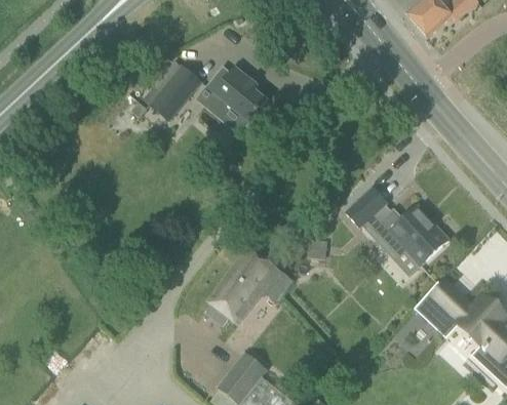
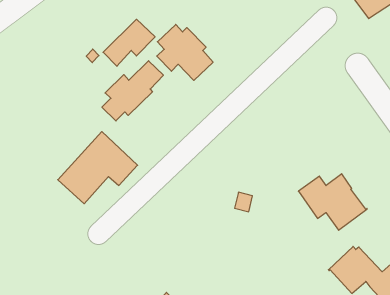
building: none -> [102,61,163,121]
building: [346,189,387,229] -> none
building: [207,246,290,325] -> [58,132,138,204]

